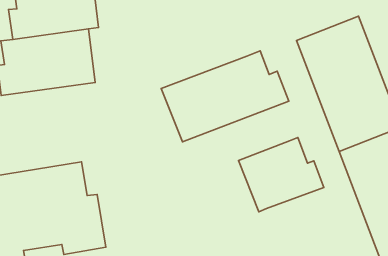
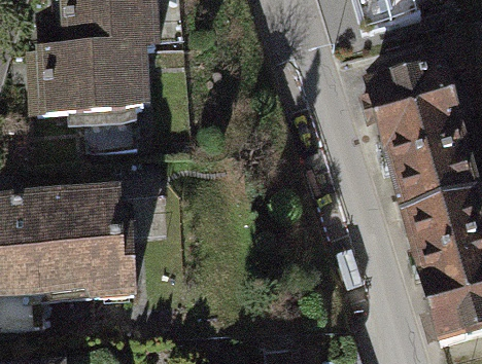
building: [161,51,289,142] -> none
building: [239,137,324,212] -> none

